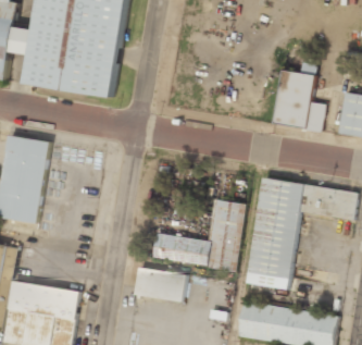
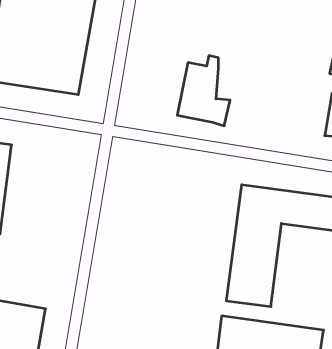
building: [273,63,322,128] -> [177,56,230,126]
building: [152,199,246,271] -> none
building: [135,267,186,300] -> none

